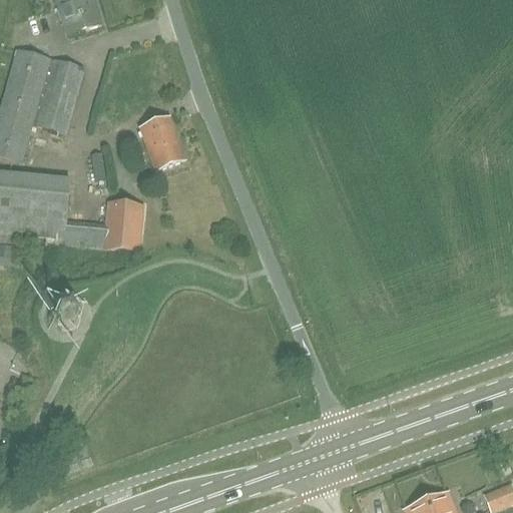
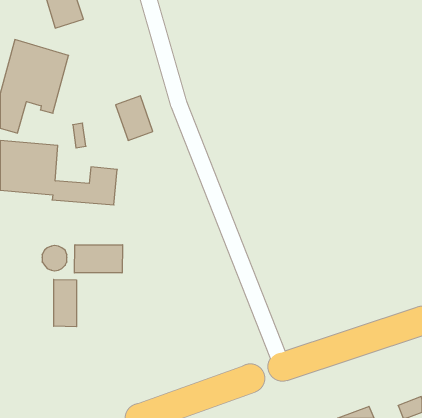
building: none -> [74,245,123,273]
building: none -> [54,279,76,327]

